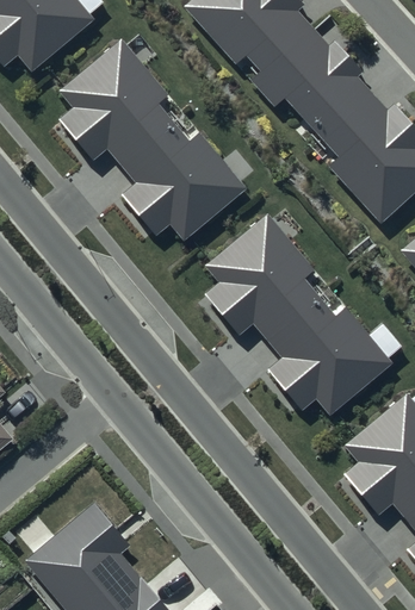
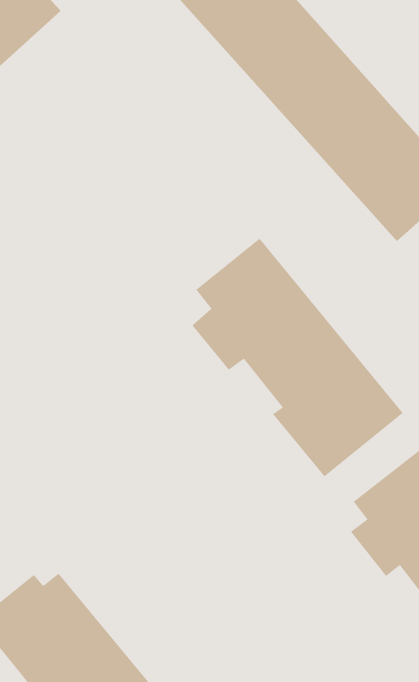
building: [61,43,244,245] -> none

